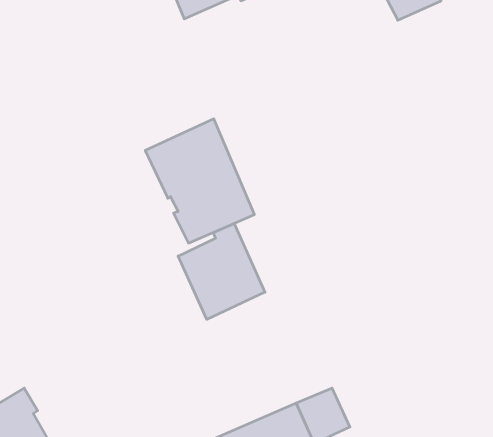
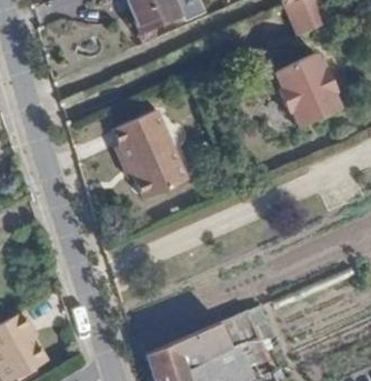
building: none -> [271,53,335,127]
building: [178,223,265,319] -> none

